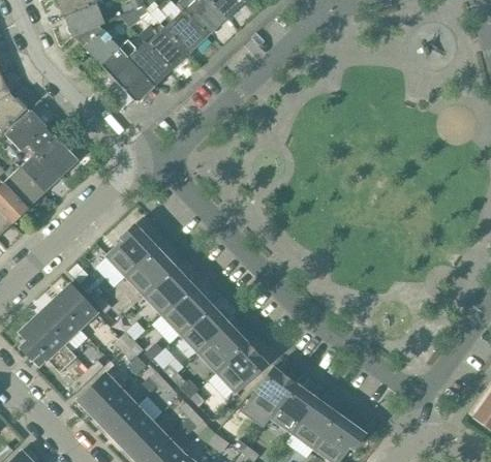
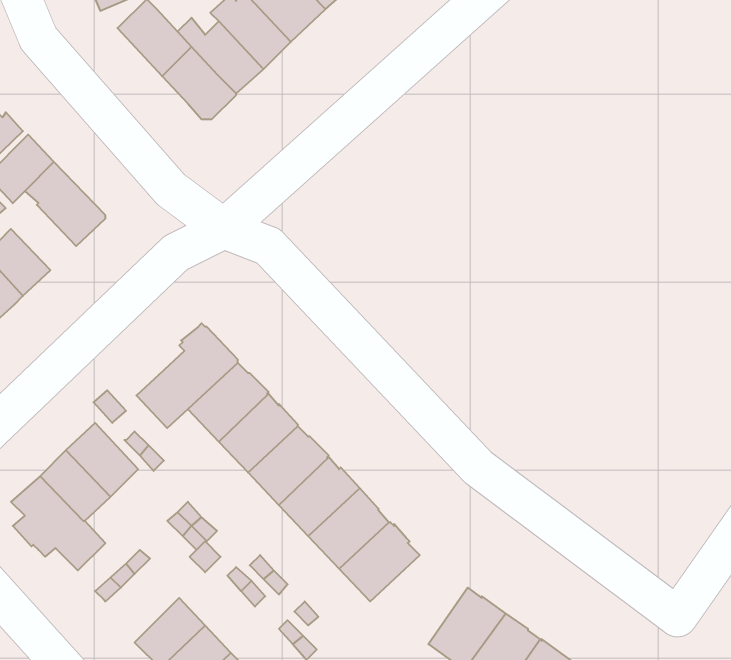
building: [20,152,59,191] -> none
building: [249,367,295,417] -> none
building: [78,372,121,415] -> none

